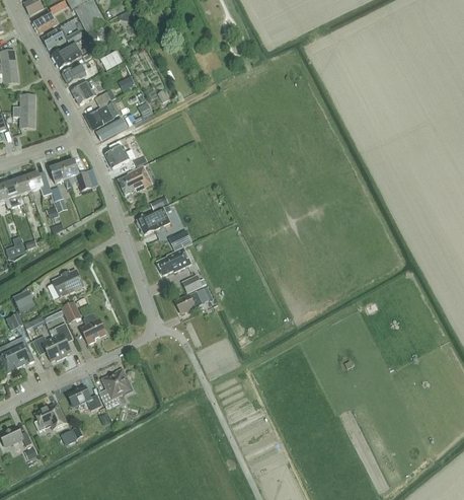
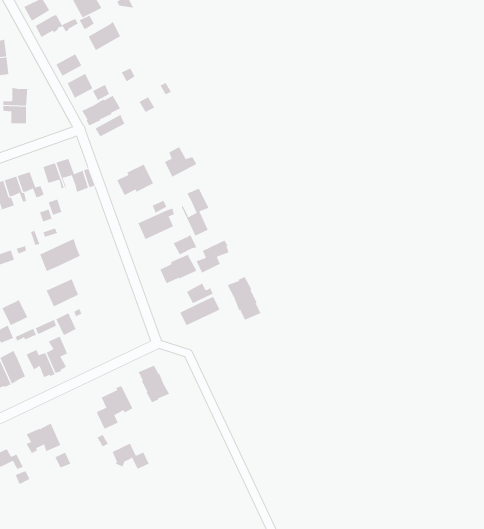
building: [51,40,81,67] -> [88,21,121,51]
building: [104,139,135,167] -> [164,147,197,177]
building: none -> [181,188,209,237]
building: none -> [40,238,80,272]
building: none -> [196,239,229,273]
building: none -> [227,276,261,320]
building: [80,312,105,343] -> none
building: none -> [138,365,170,403]
building: [67,384,101,409] -> [112,443,149,469]

